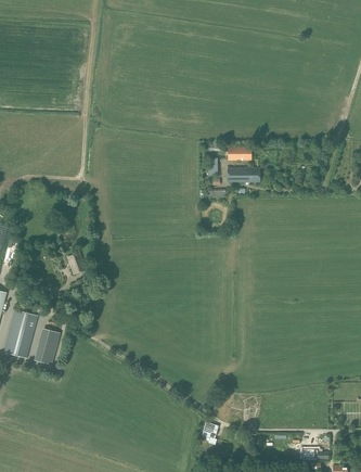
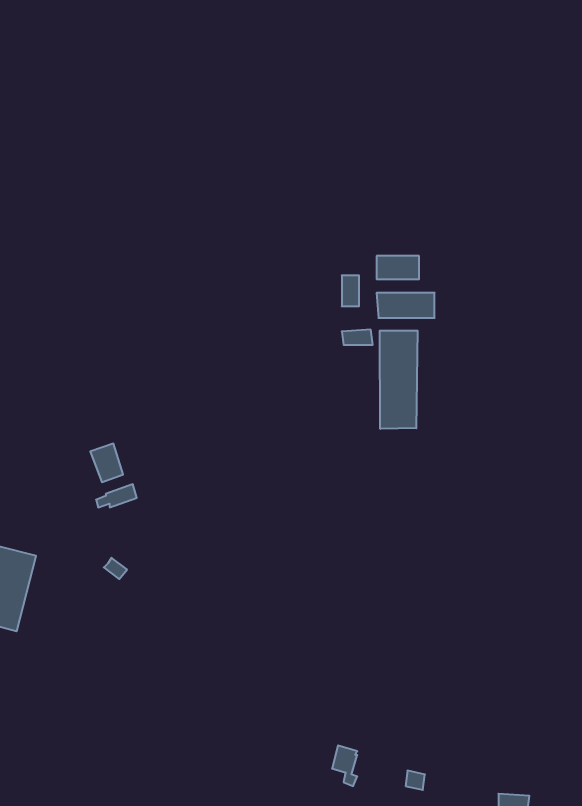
building: none -> [380,331,418,429]
building: [36,328,60,363] -> none

